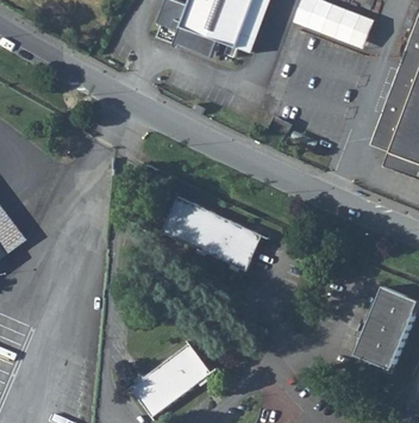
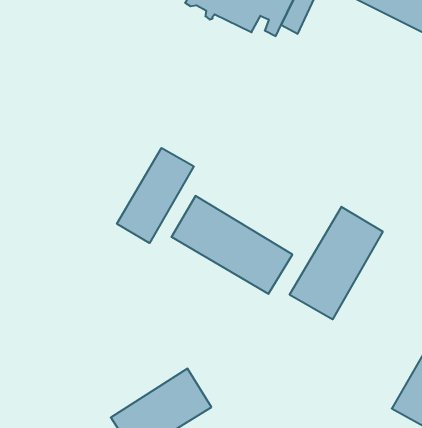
building: none -> [117,148,194,243]
building: none -> [290,207,383,319]

